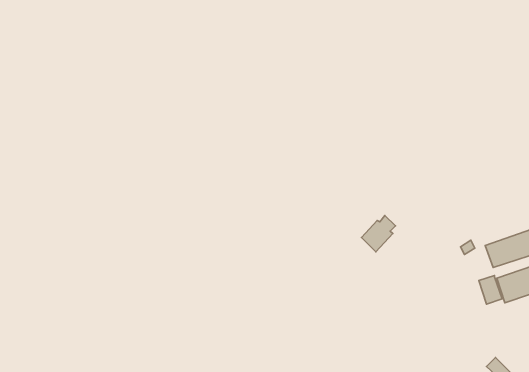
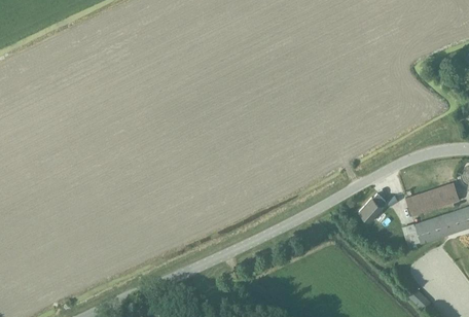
building: [362,215,395,252] -> [359,193,386,222]

